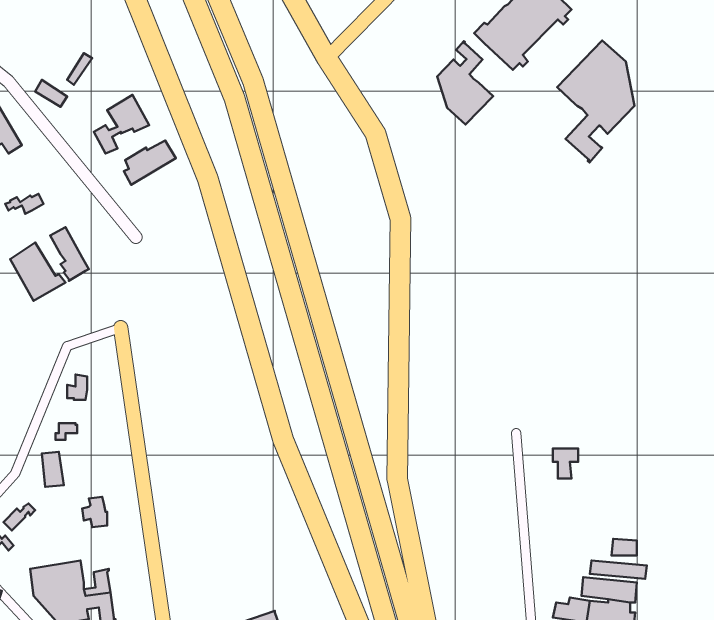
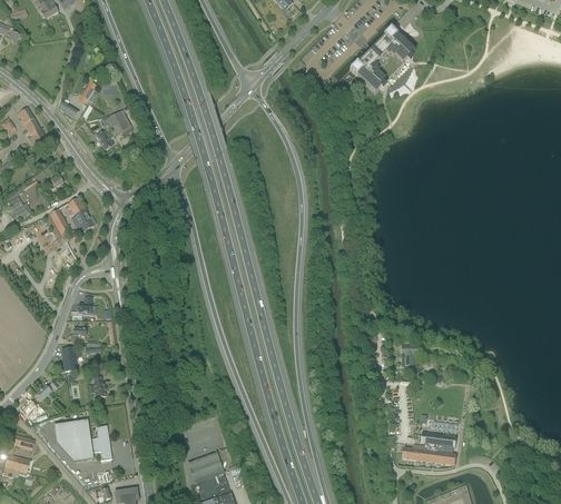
building: [557,41,635,162] -> none
building: [437,41,493,125] -> none
building: [124,141,176,185] -> none

